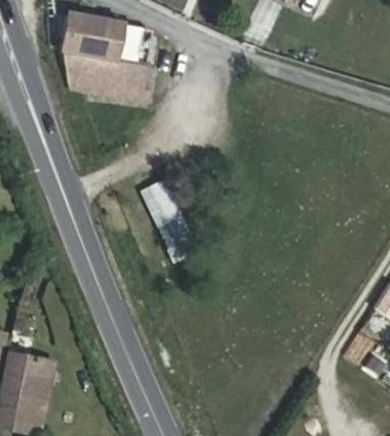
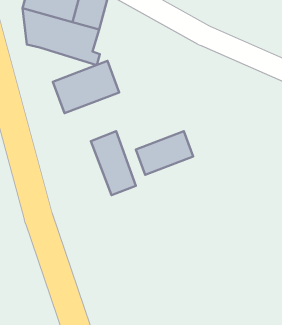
building: none -> [53,61,119,113]
building: none -> [136,131,193,175]

